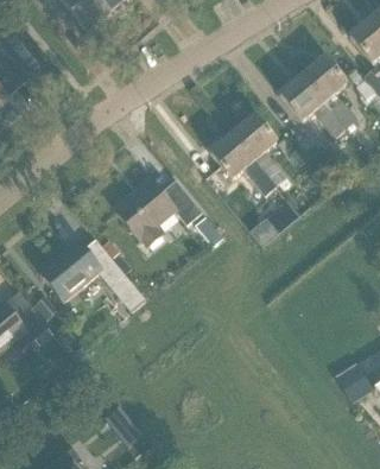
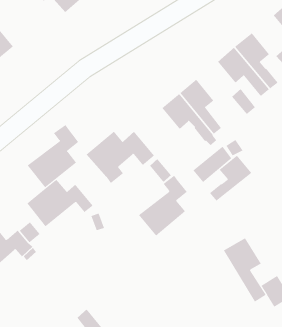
building: none -> [27,124,79,188]
building: none -> [209,155,252,202]
building: none -> [138,175,188,236]
building: none -> [223,238,266,303]

